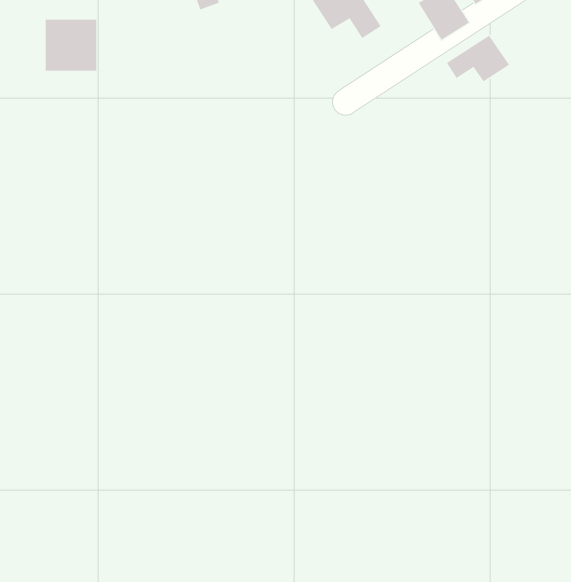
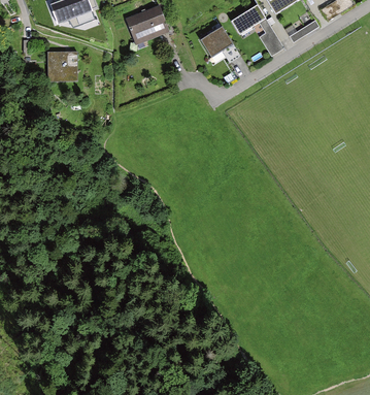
building: [446,35,510,82] -> none

